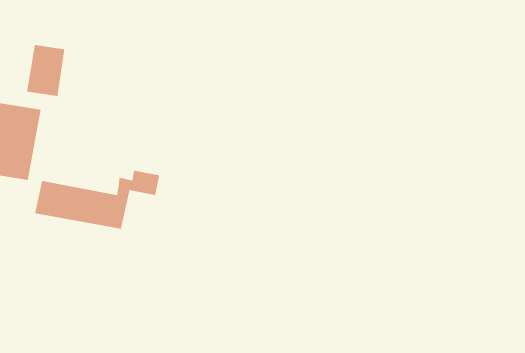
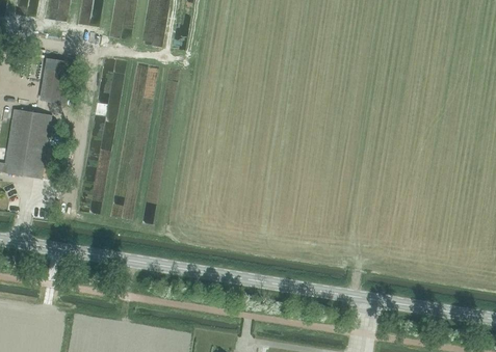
building: [35,170,160,230] -> none

